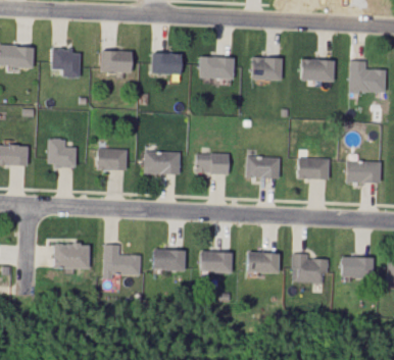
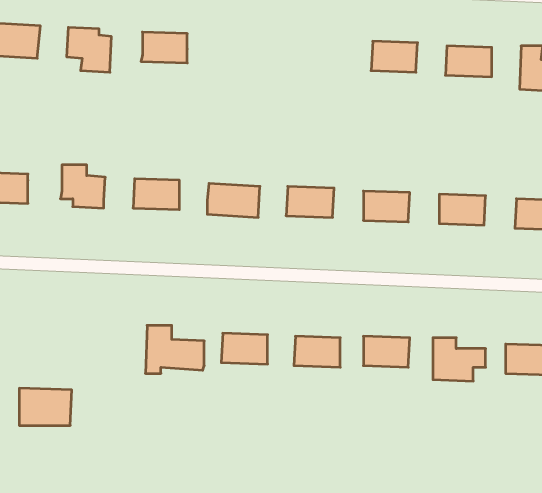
building: [151,54,182,74] -> none
building: [201,58,232,79] -> none
building: [54,245,89,269] -> [19,388,72,425]

